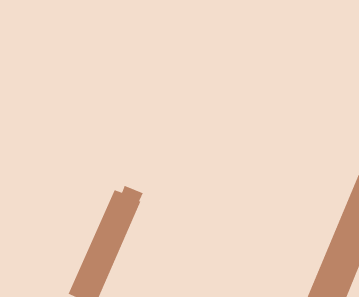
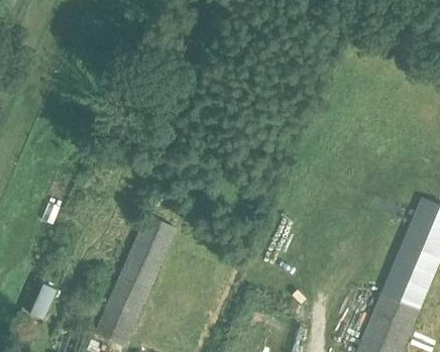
building: none -> [26,284,56,321]

